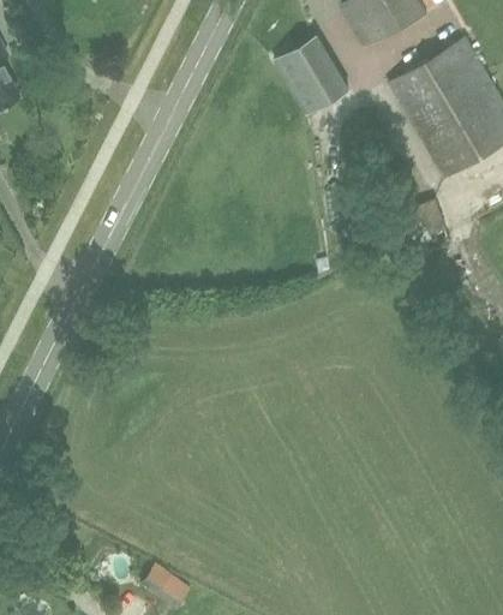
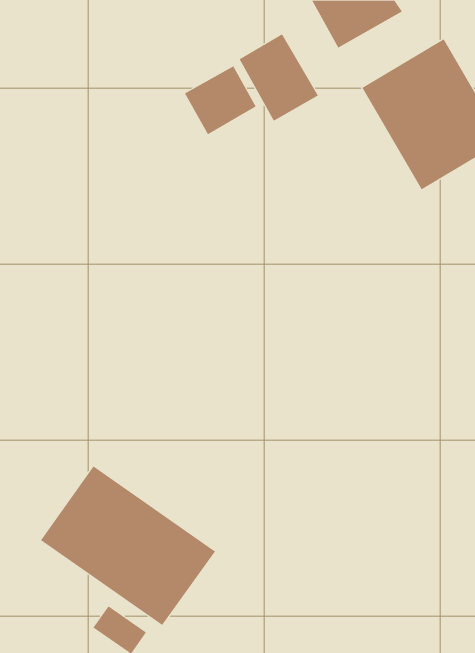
building: none -> [184,66,257,135]
building: none -> [40,466,216,626]

